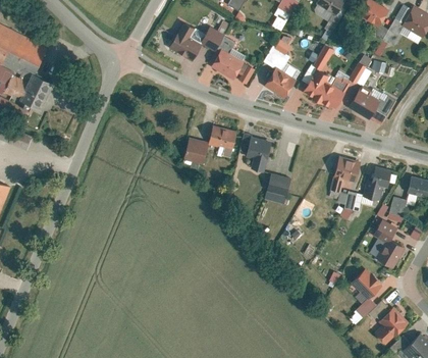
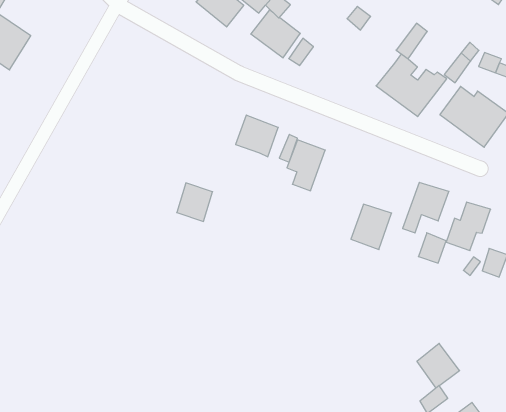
building: [264,69,296,101] -> none
building: [184,140,208,165] -> [177,183,213,221]
building: [265,175,291,206] -> [351,204,392,250]
building: [374,221,405,269] -> none

